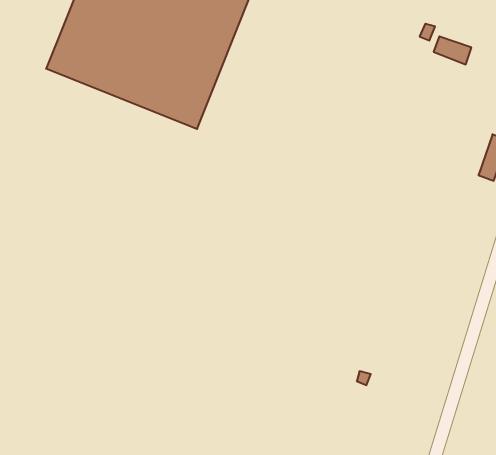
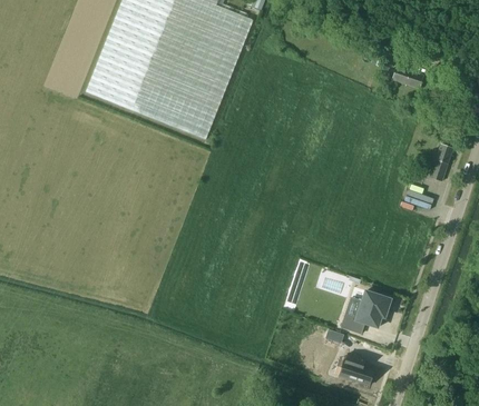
building: none -> [341,290,392,333]
building: none -> [340,349,374,382]

